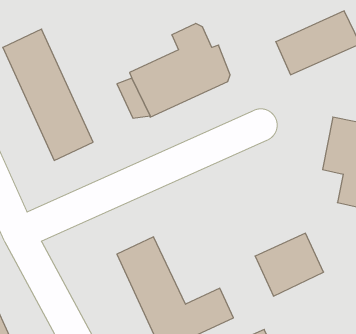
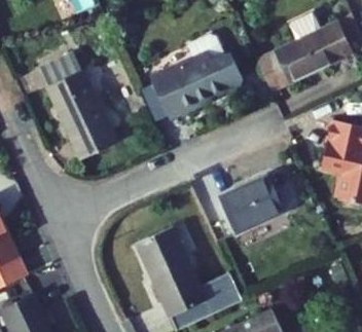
building: none -> [253,51,293,93]
building: [255,233,324,296] -> [219,177,281,233]

